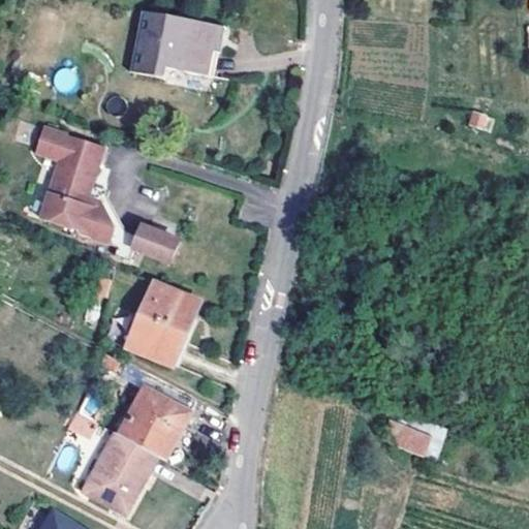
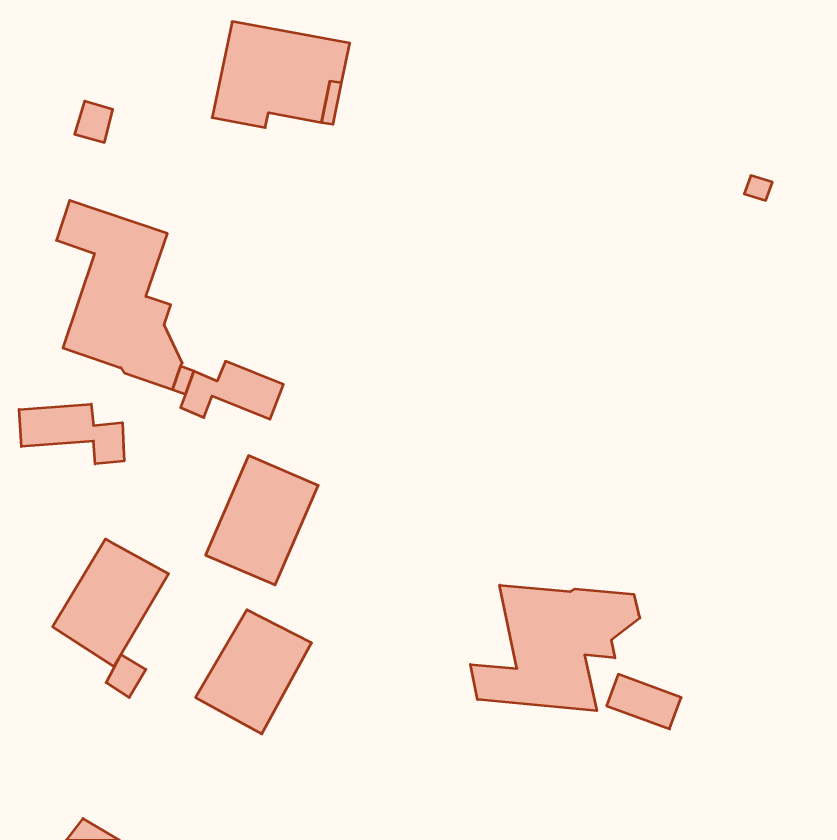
building: none -> [19,404,124,464]
building: none -> [470,585,640,711]
building: [84,432,156,511] -> [53,539,169,667]

